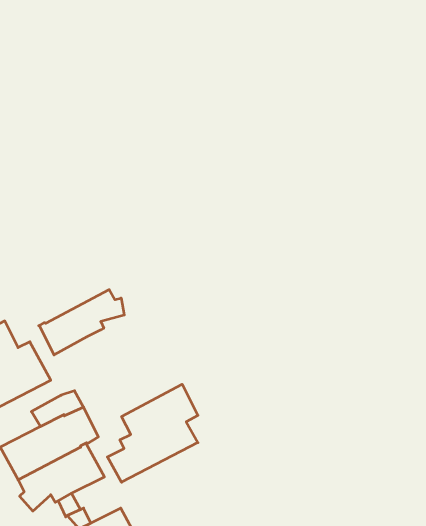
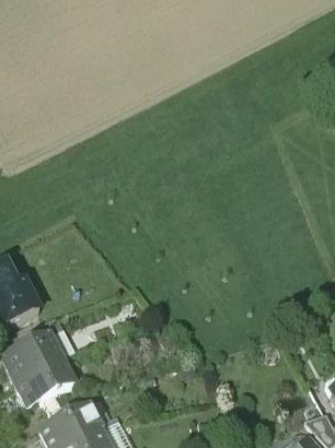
building: [39,290,124,355] -> none
building: [107,384,198,482] -> none

